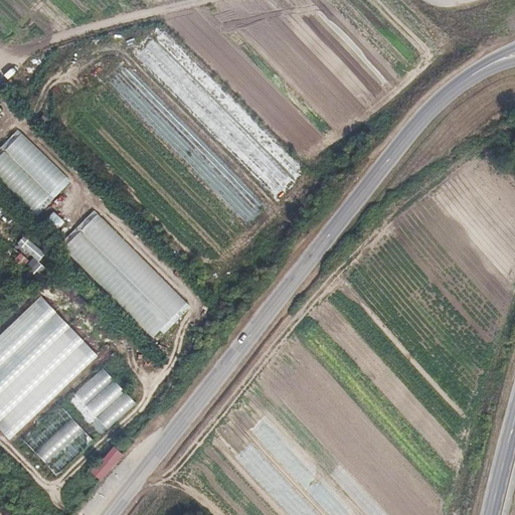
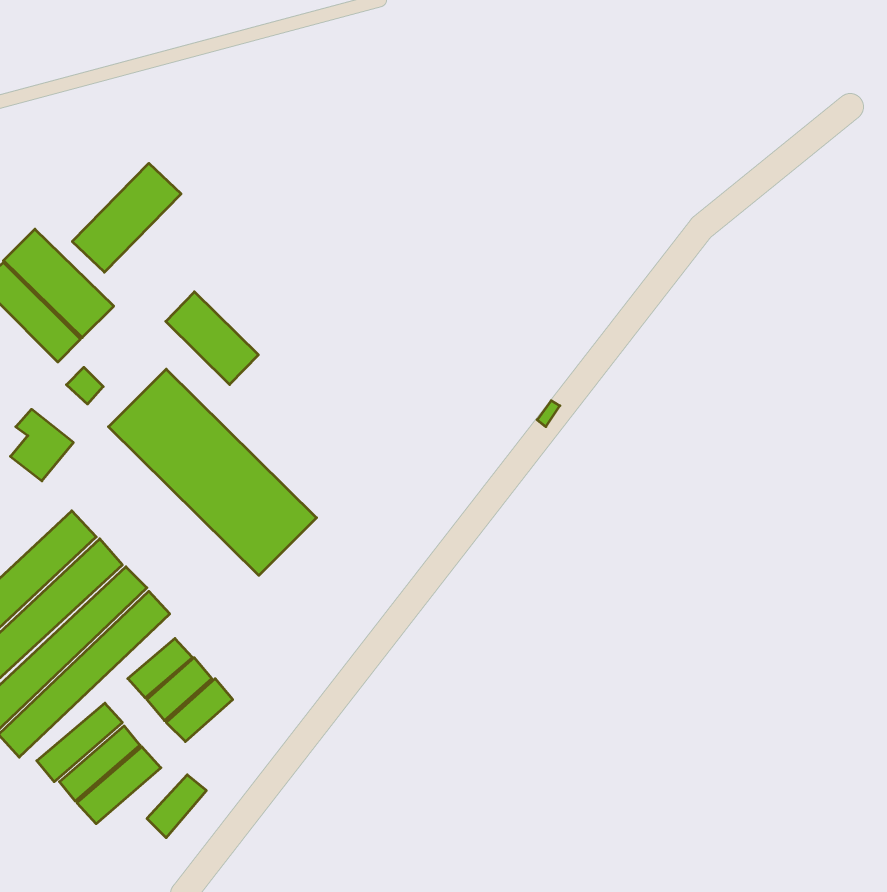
building: none -> [72,163,181,272]
building: none -> [166,292,258,385]

